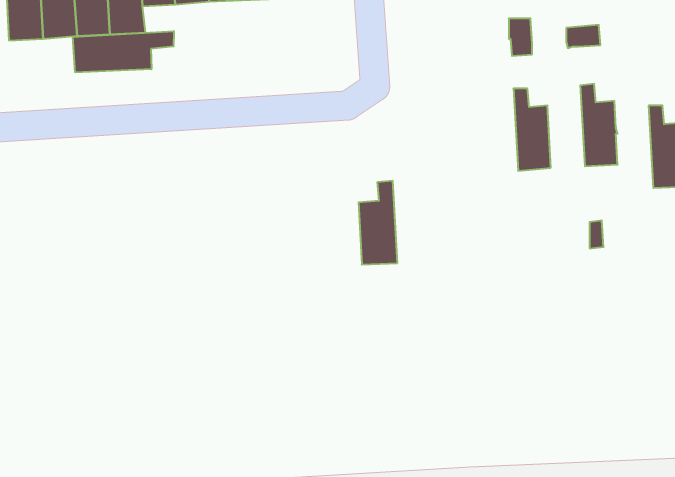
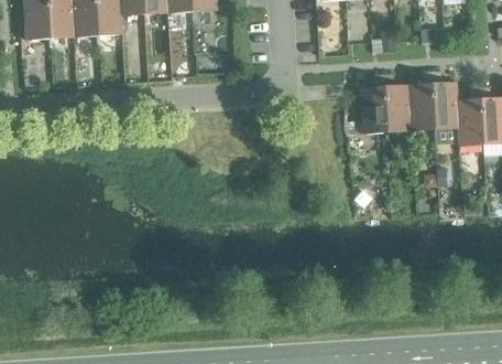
building: [73,31,174,72] -> none
building: none -> [407,72,434,130]
building: none -> [456,86,482,146]
building: [359,181,397,265] -> [359,74,386,133]

